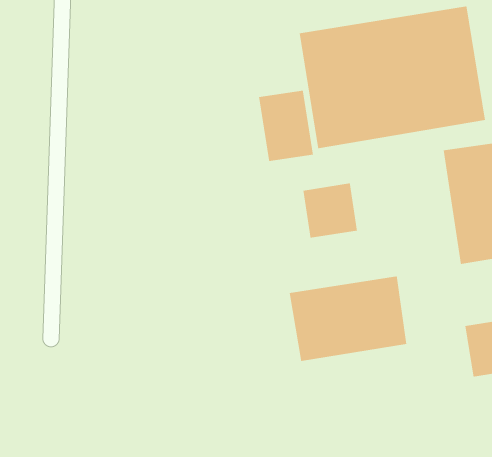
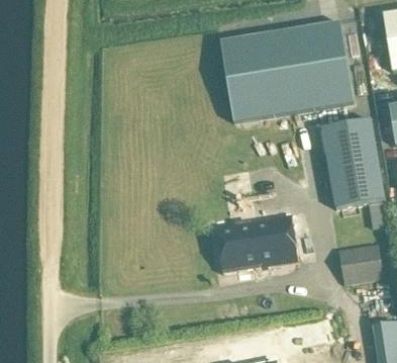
building: [258,90,314,162] -> none
building: [303,183,357,239] -> none

